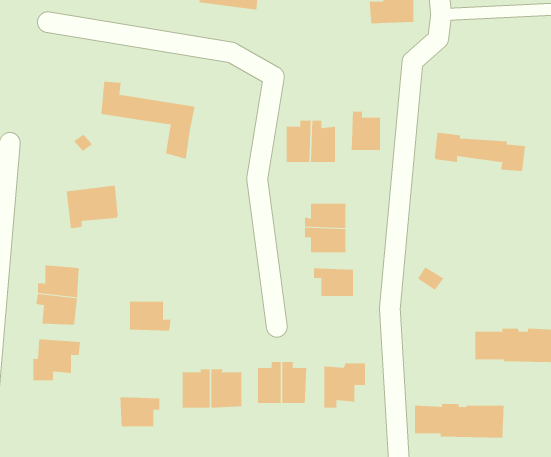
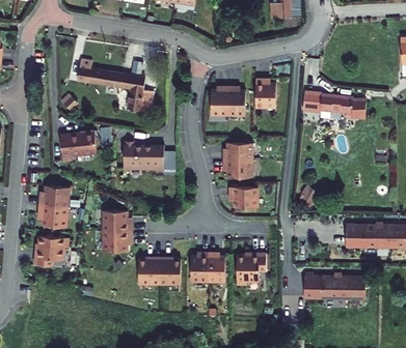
building: none -> [124,139,164,168]
building: [119,397,160,427] -> [103,228,131,249]

